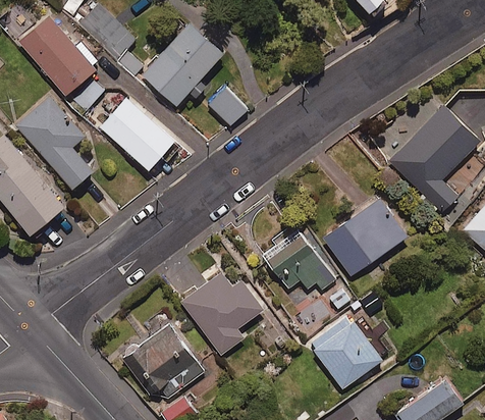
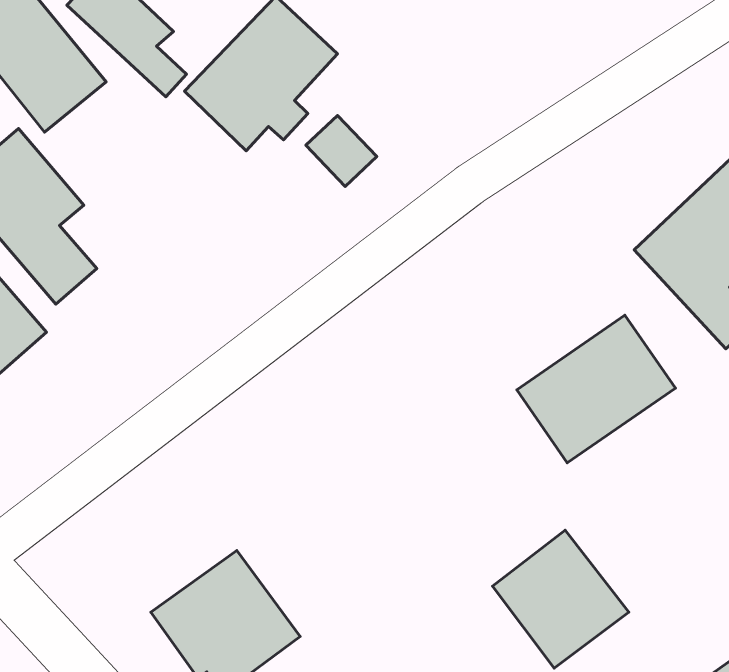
building: [100,96,176,170] -> none
building: [269,234,336,290] -> none
building: [182,271,266,355] -> none

